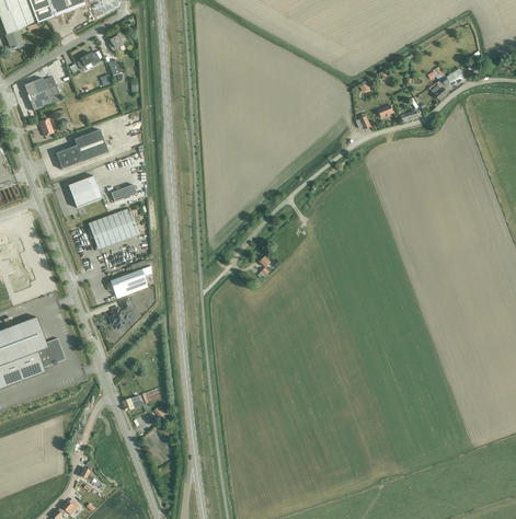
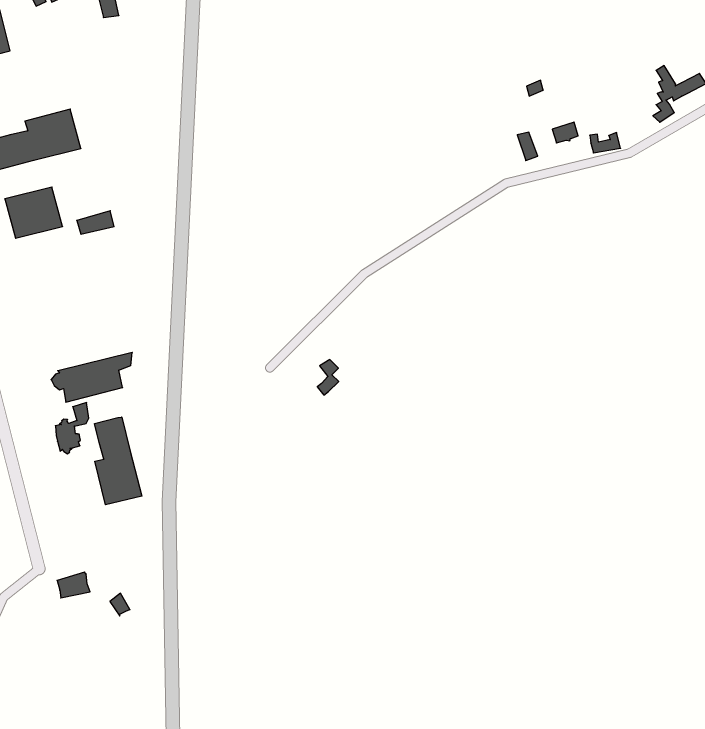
building: [88,207,138,247] -> none
building: none -> [95,417,142,505]

